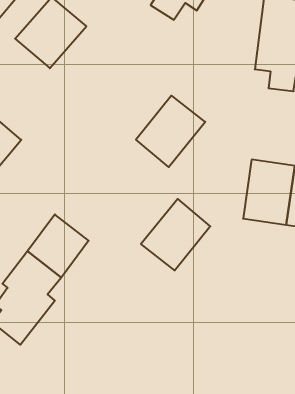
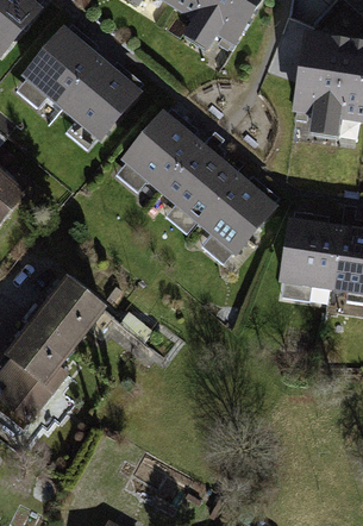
building: none -> [62,63,143,145]
building: none -> [121,111,200,192]
building: [141,199,210,270] -> [196,171,275,252]

